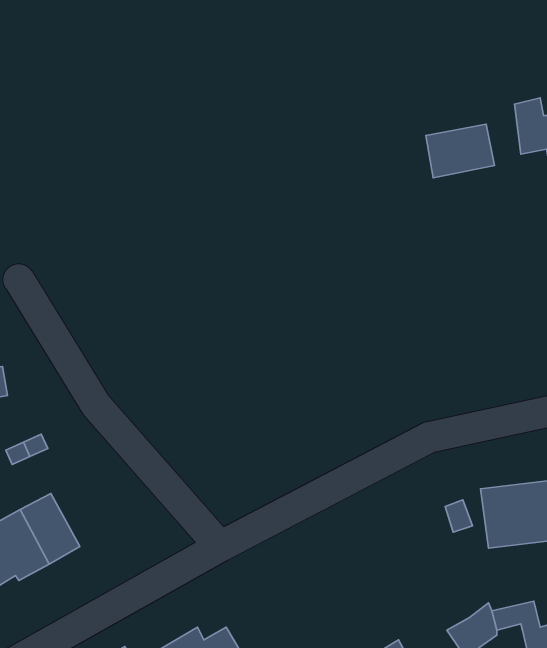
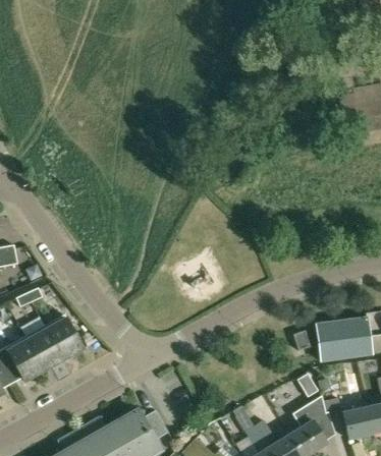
building: [426,124,495,178] -> none
building: none -> [44,315,83,359]

